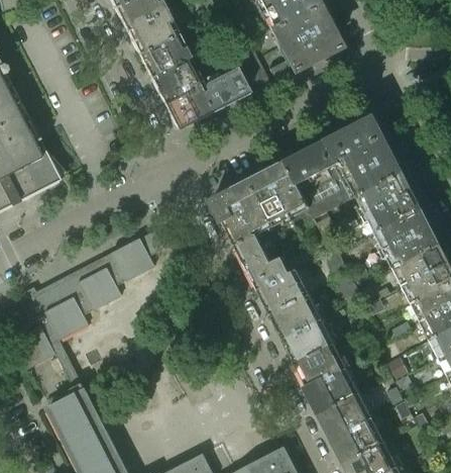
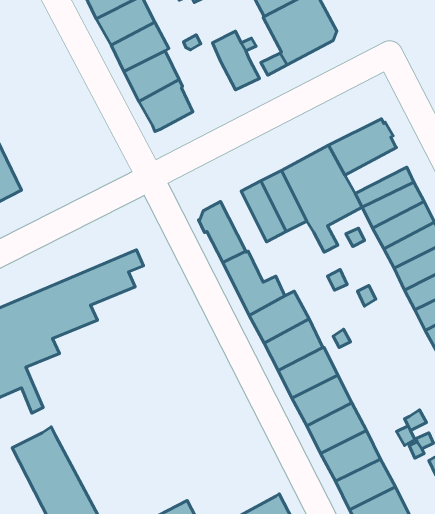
building: [198,68,245,112] -> none
building: [341,144,396,184] -> none
building: [232,182,272,235] -> none

